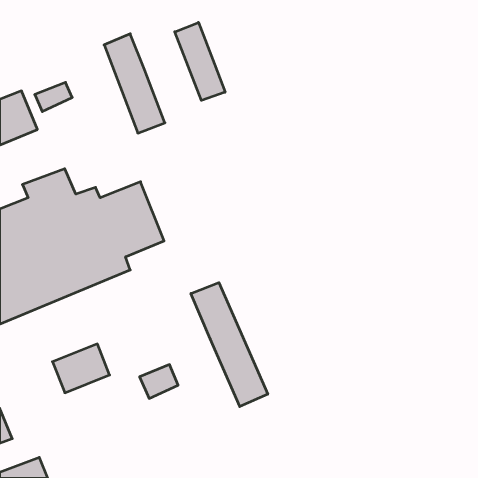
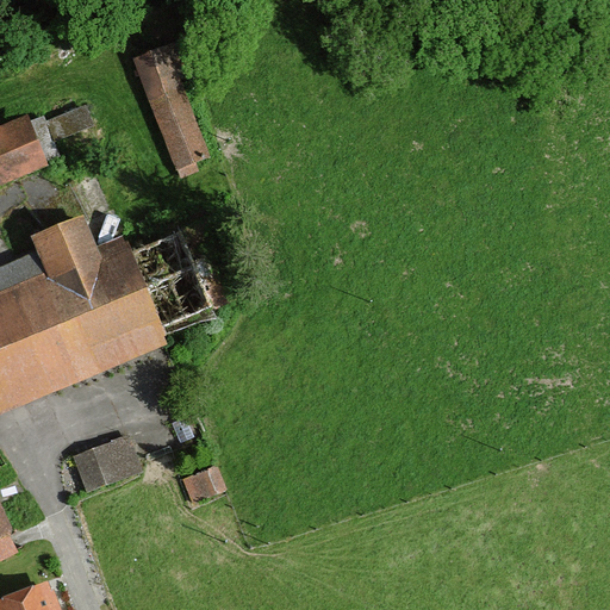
building: [175,22,225,100] -> none
building: [191,283,268,407] -> none

